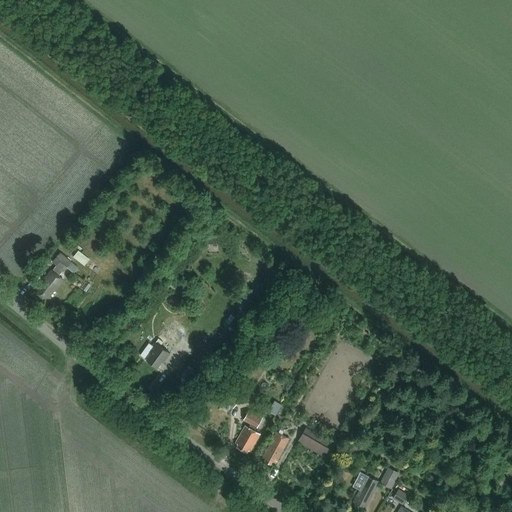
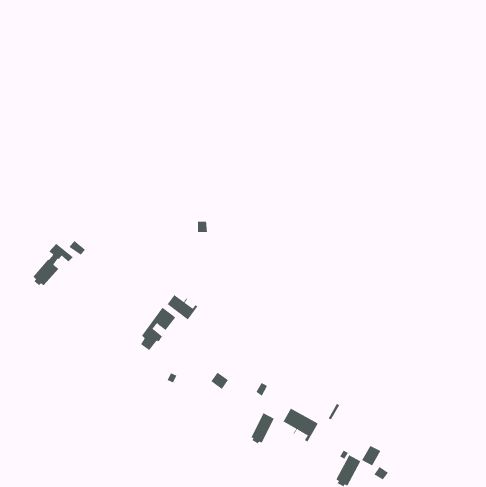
building: none -> [167,291,198,320]
building: [237,411,262,452] -> none

